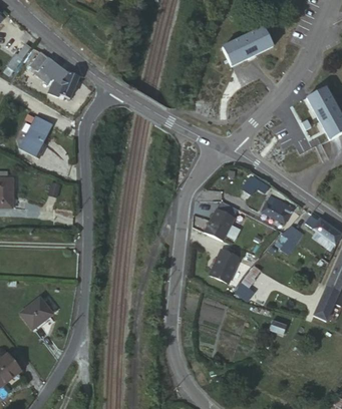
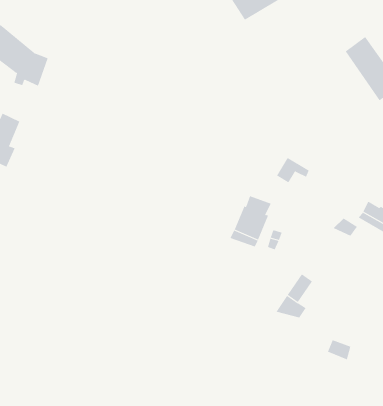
building: [260,198,292,224] -> none
building: [208,249,238,282] -> none
building: [19,296,52,329] -> none

